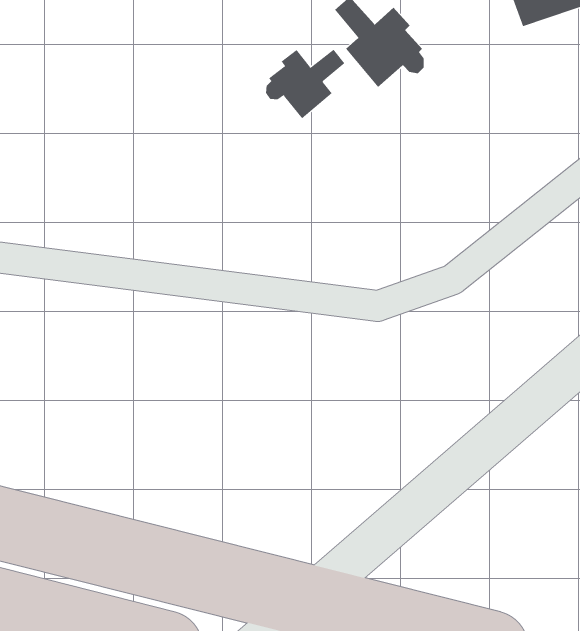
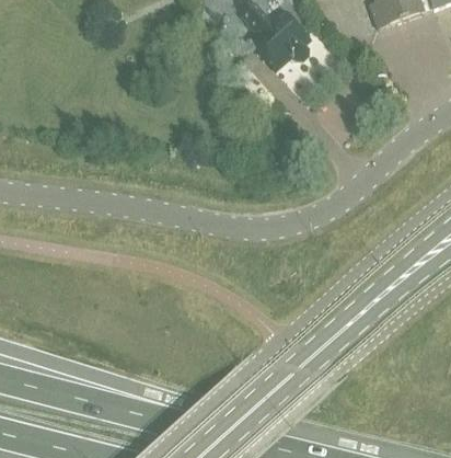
building: [265,49,345,119] -> none

